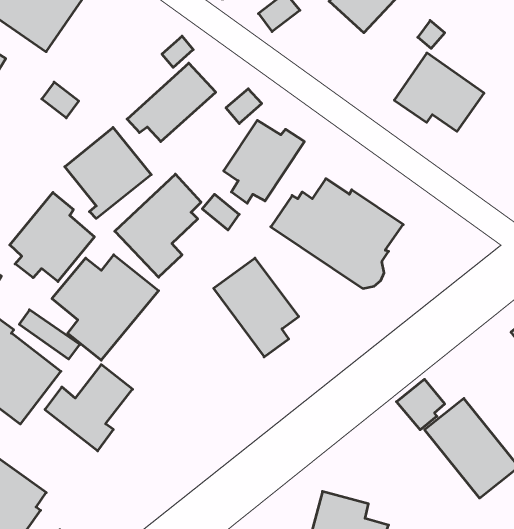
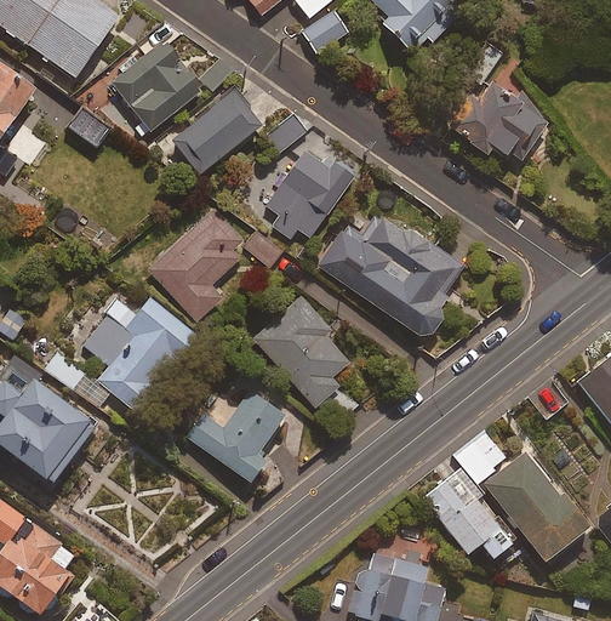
building: [65,127,151,218] -> [112,40,205,138]
building: [10,192,94,282] -> none
building: [45,365,133,451] -> [190,389,285,483]
building: none -> [423,472,510,557]

